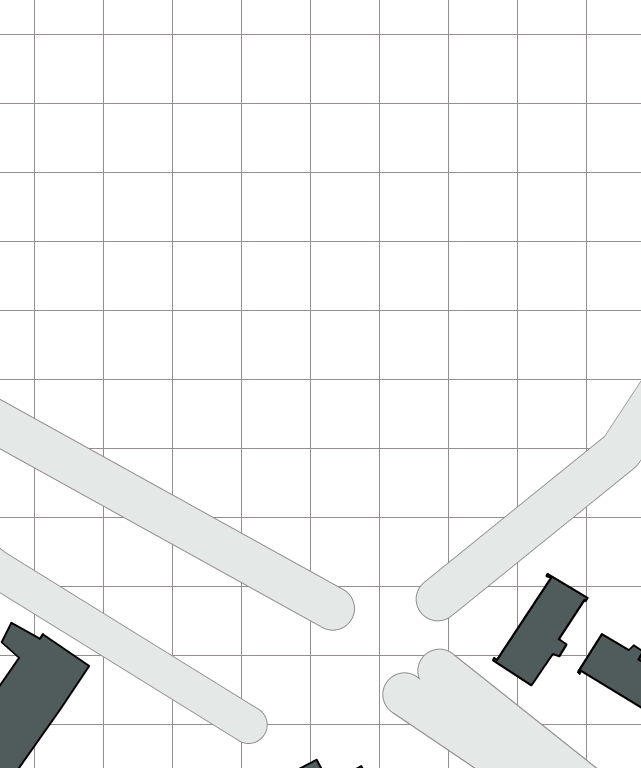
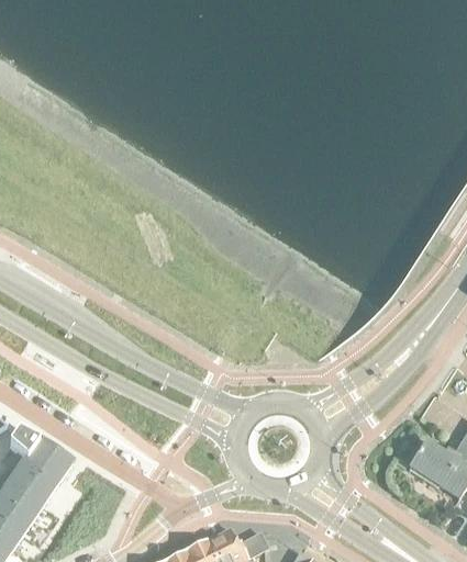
building: [493,574,588,685] -> none

